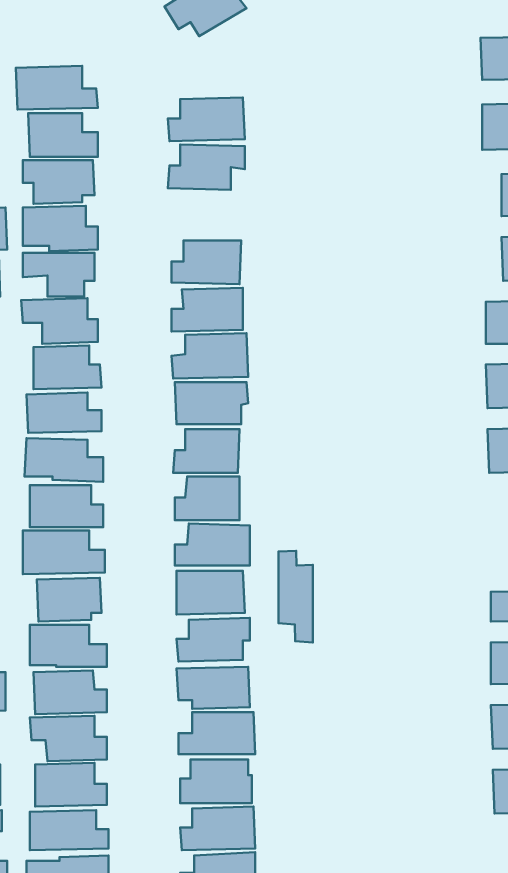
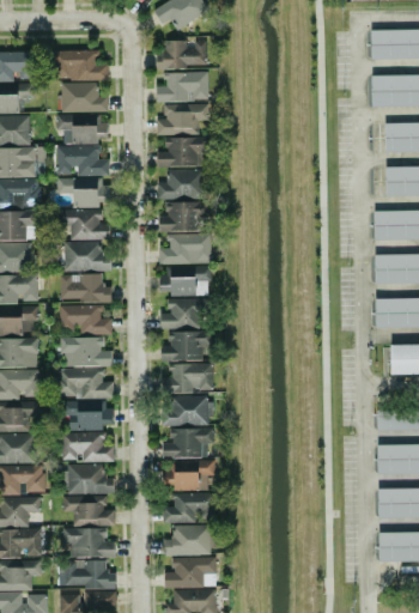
building: none -> [158,41,207,69]
building: none -> [158,138,204,168]
building: [278,551,313,643] -> none

